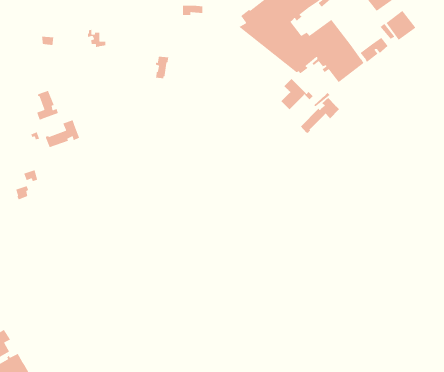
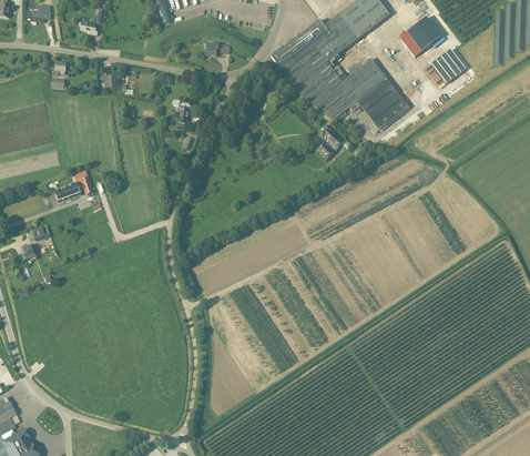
building: [36,90,59,121] -> none
building: [300,97,340,134] -> none

